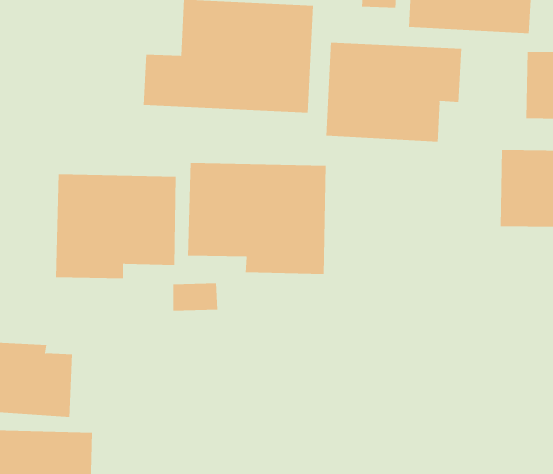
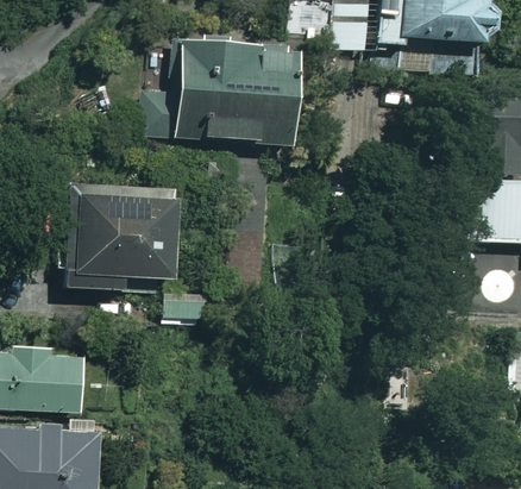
building: [326,42,462,142] -> none
building: [187,162,326,275] -> none

